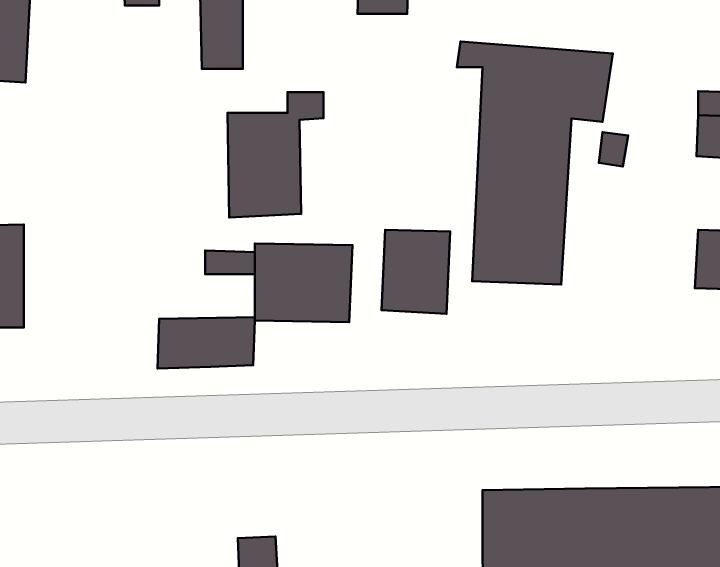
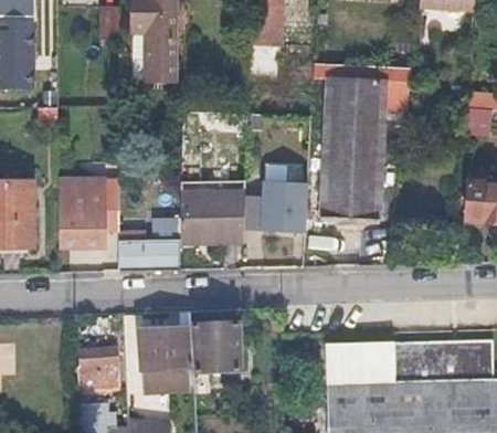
building: [228,92,323,217] -> [57,165,119,245]
building: none -> [192,323,242,371]
building: none -> [141,328,187,367]
building: none -> [77,347,120,382]

